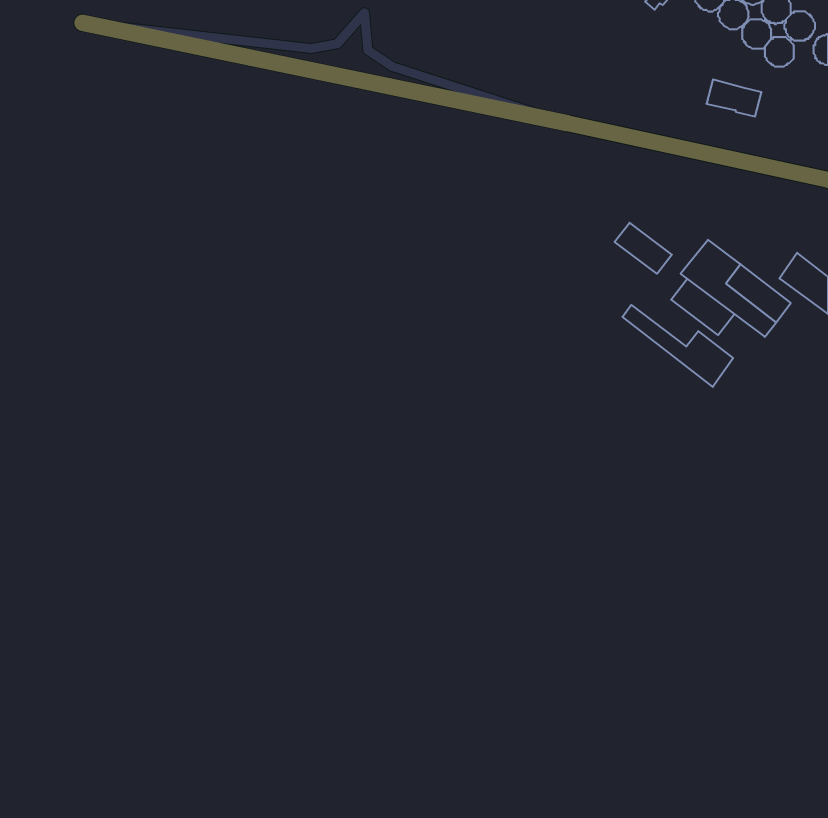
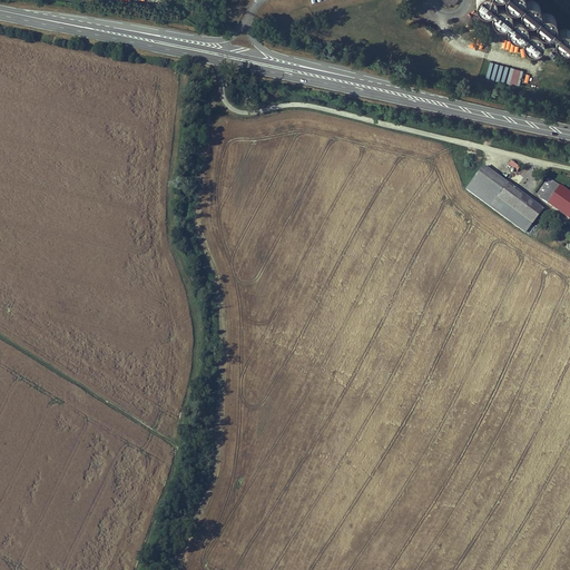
building: [615,223,672,274] -> none
building: [671,279,734,335] -> none
building: [622,305,733,387] -> none

